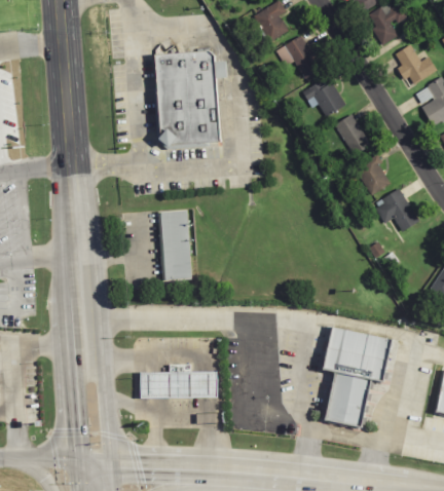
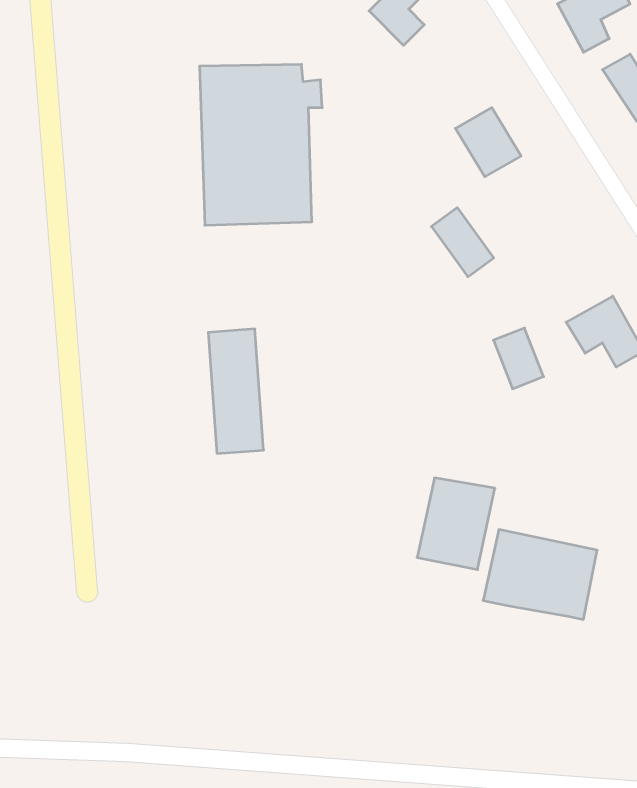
building: [275,35,321,79] -> none
building: [333,114,370,155] -> [431,208,494,277]
building: [359,156,388,192] -> [493,328,544,389]
building: [139,372,214,399] -> none
building: [326,373,372,427] -> [417,478,495,570]

